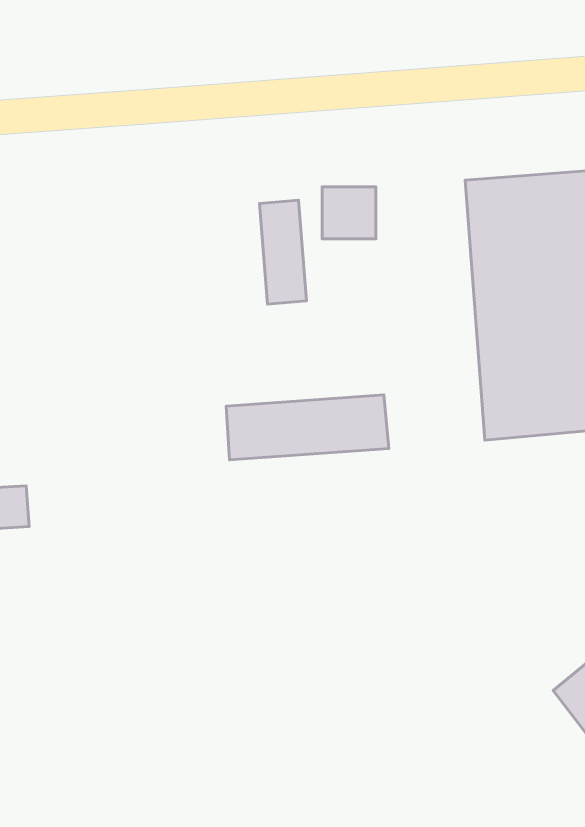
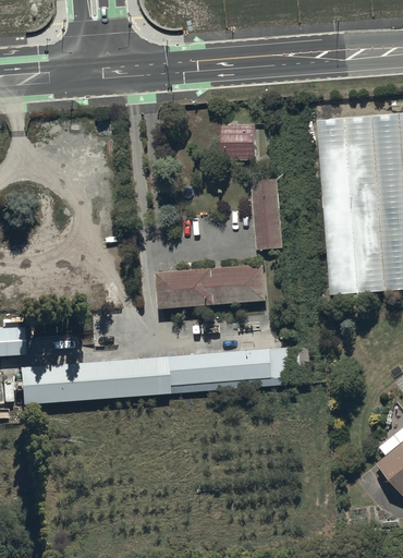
building: [259,200,307,304] -> [252,179,283,248]
building: none -> [21,344,293,407]

